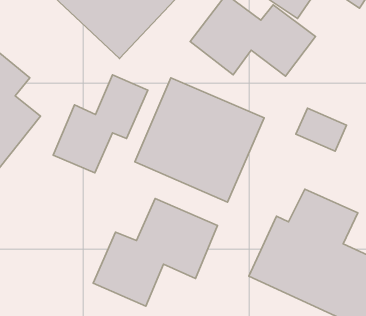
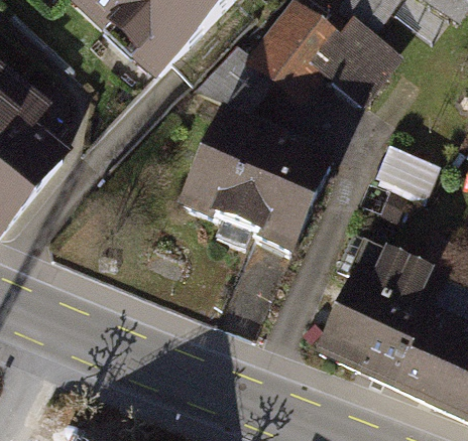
building: [53,75,148,173] -> none
building: [93,198,218,306] -> none

